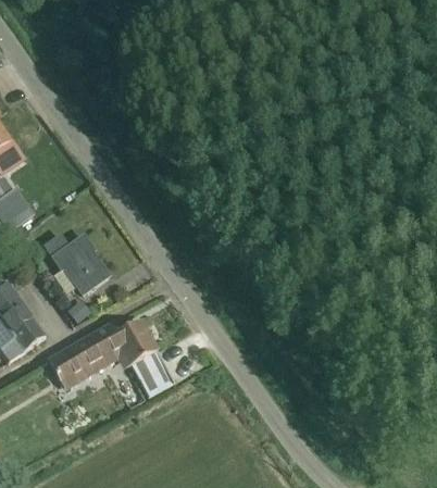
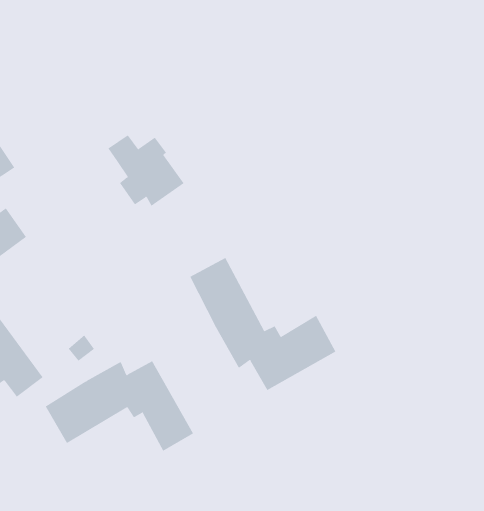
building: none -> [189,257,336,391]
building: [45,235,110,296] -> [108,134,185,206]

